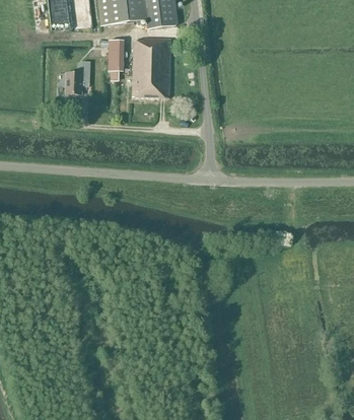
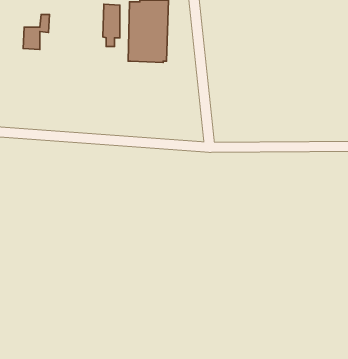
building: [66,59,91,92] -> [23,14,50,49]

